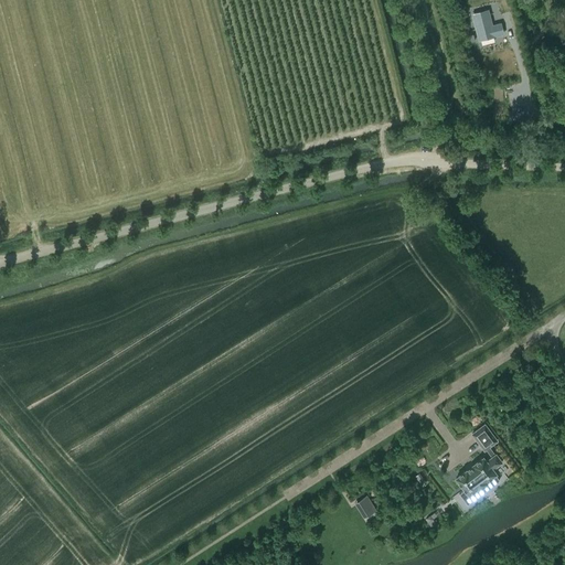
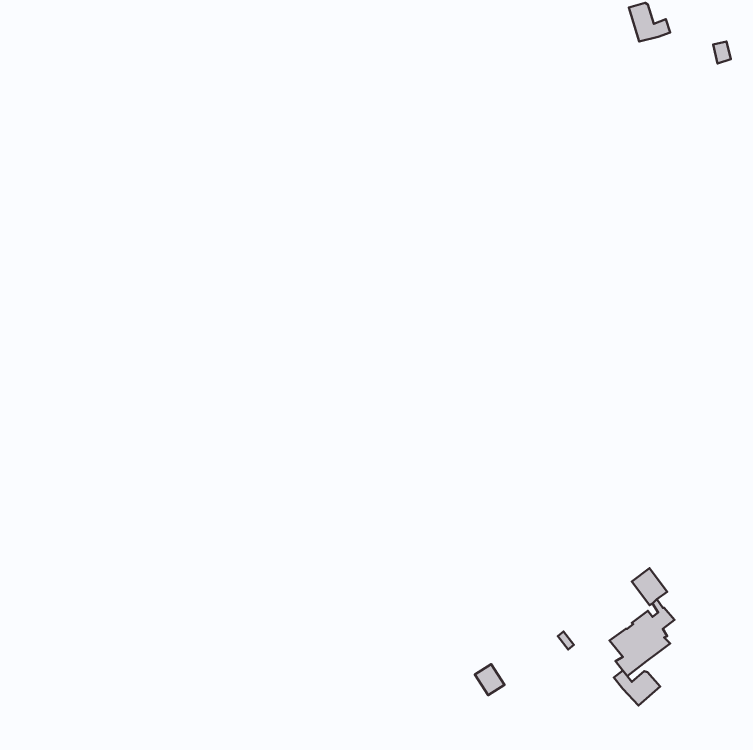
building: none -> [614,670,660,705]

